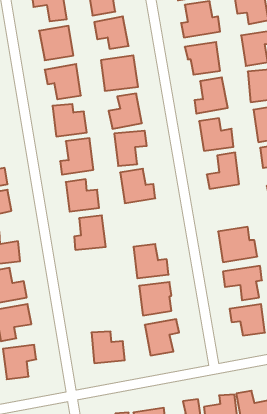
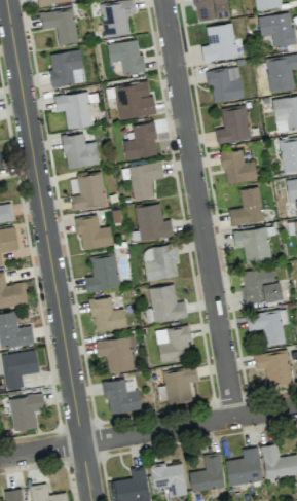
building: none -> [233,227,272,265]
building: none -> [145,245,179,282]
building: none -> [90,297,127,333]
building: none -> [97,336,137,374]

